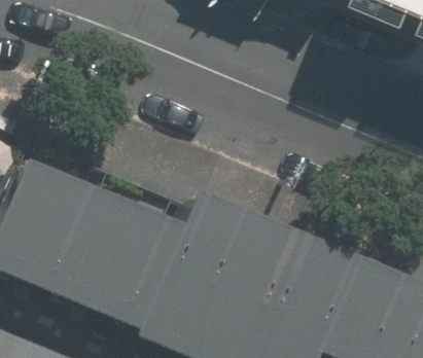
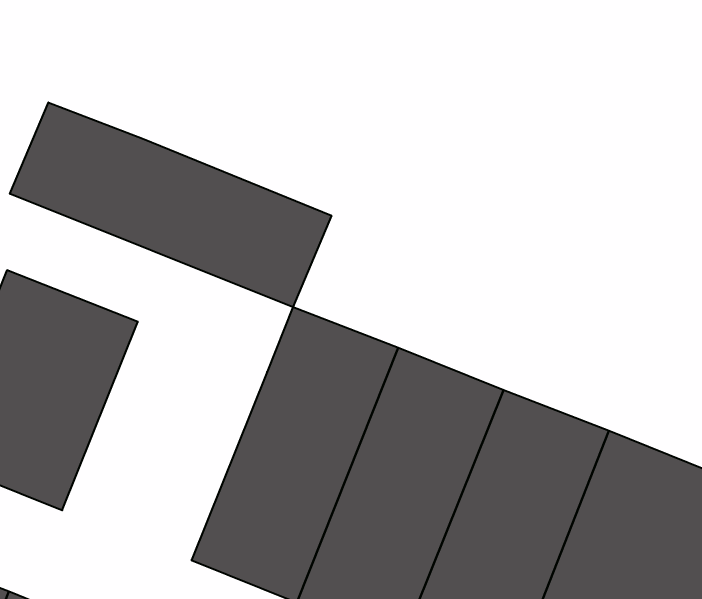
building: none -> [10,102,331,307]
building: [44,191,158,324] -> none

